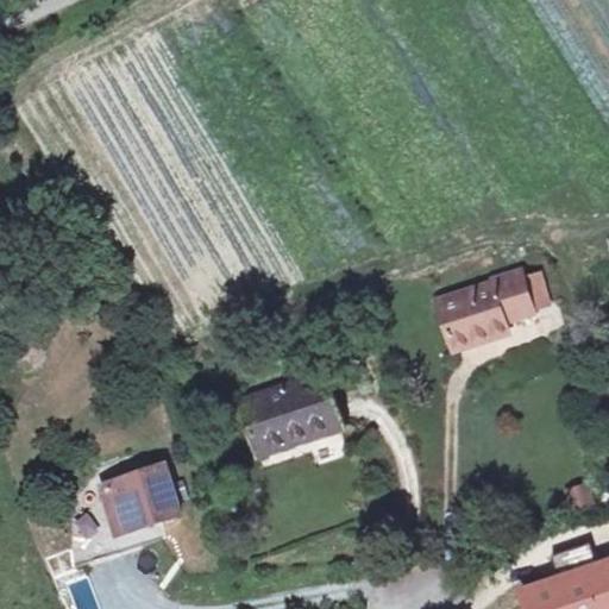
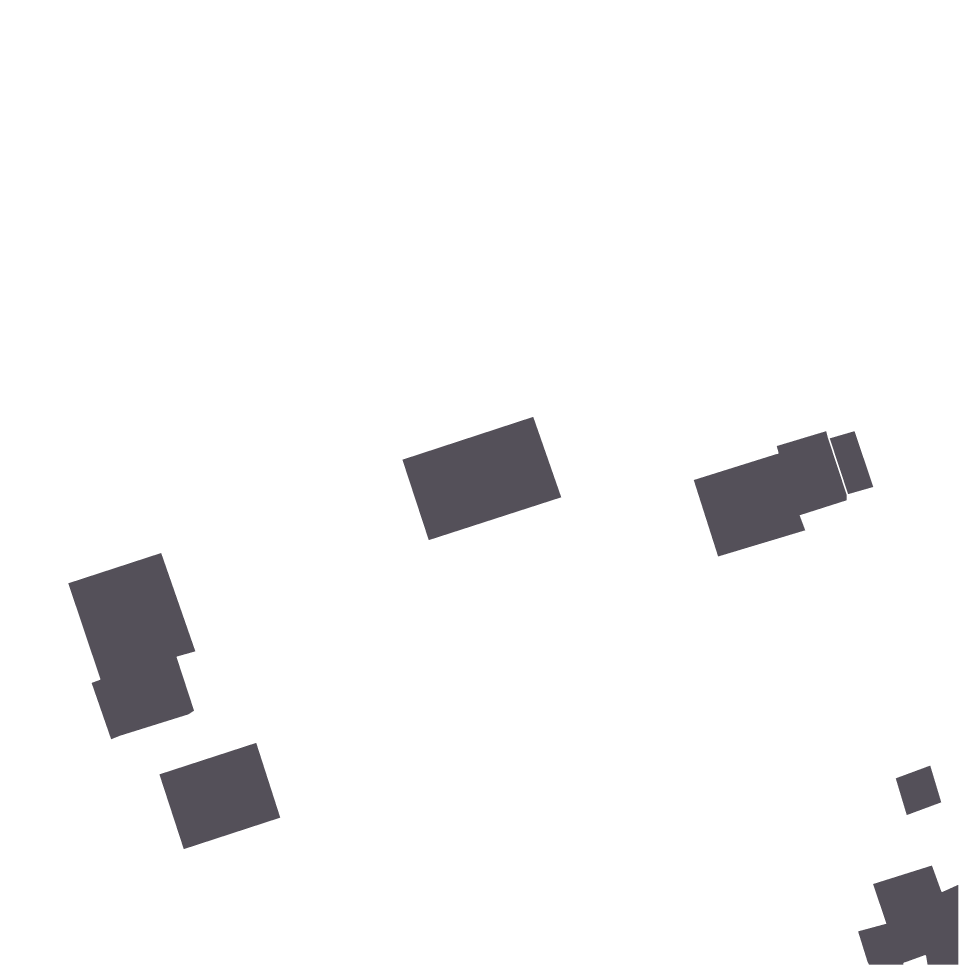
building: none -> [68,552,196,740]
building: [239,376,340,454] -> [402,416,562,541]

